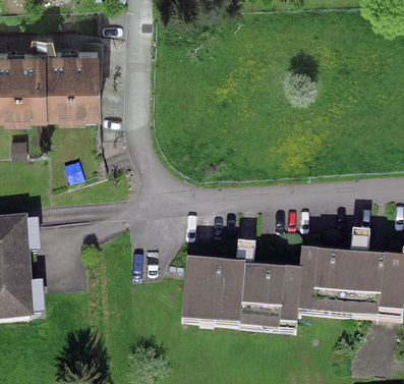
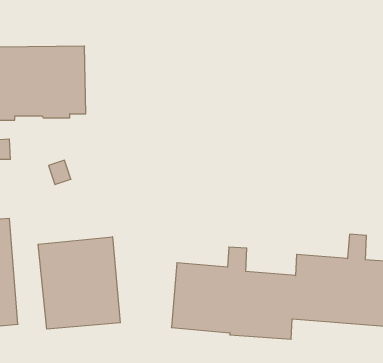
building: none -> [38,237,120,329]

